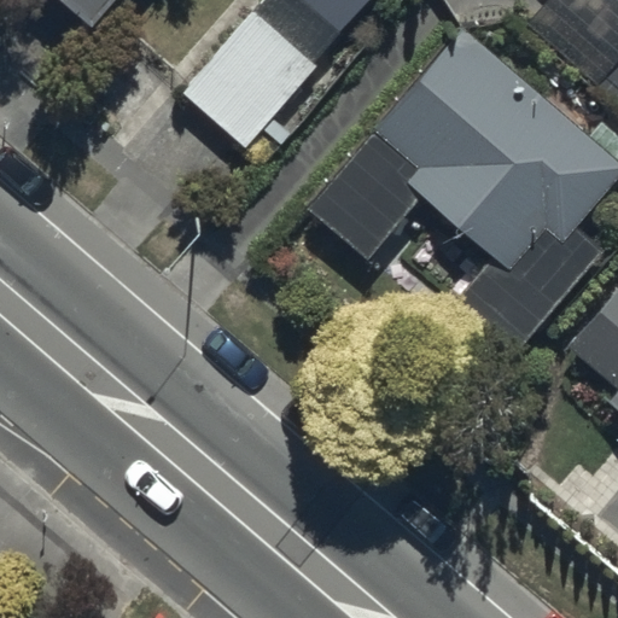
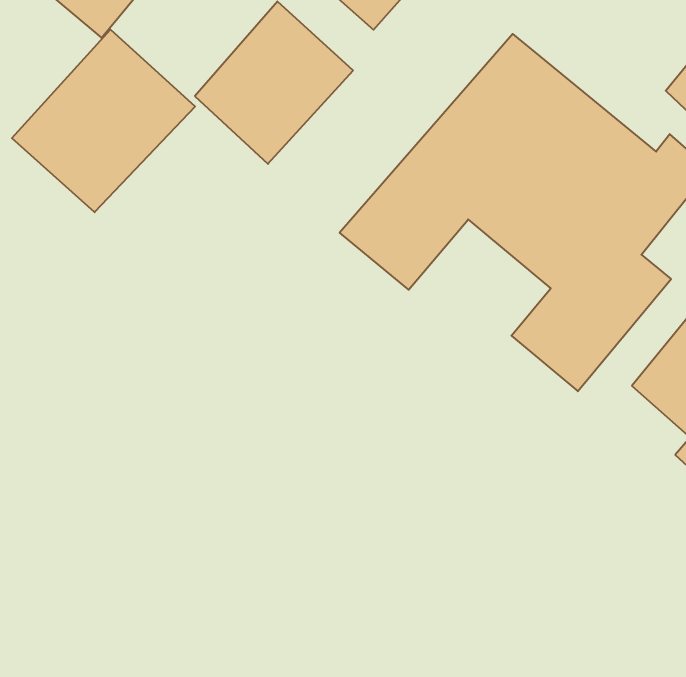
building: none -> [12,30,195,212]

